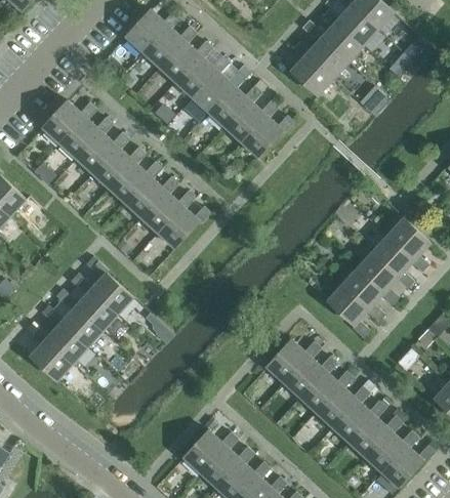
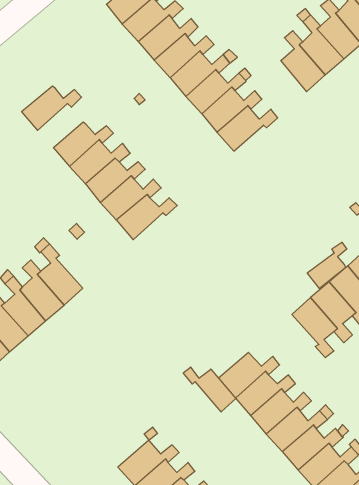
building: [42,100,96,143] -> none
building: [76,131,129,173] -> none
building: none -> [307,242,347,289]
building: none -> [183,367,236,412]

